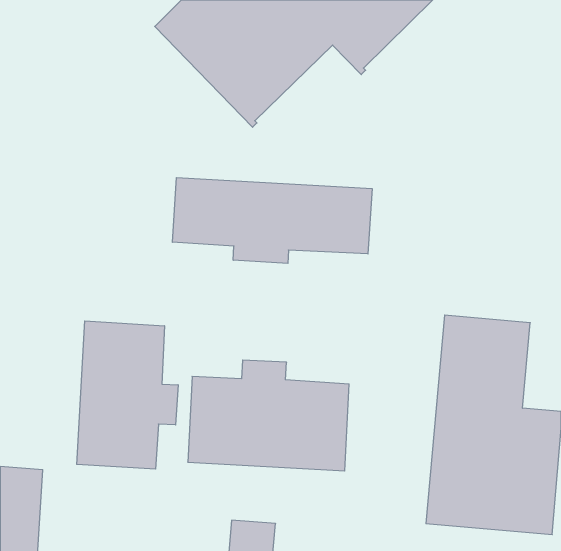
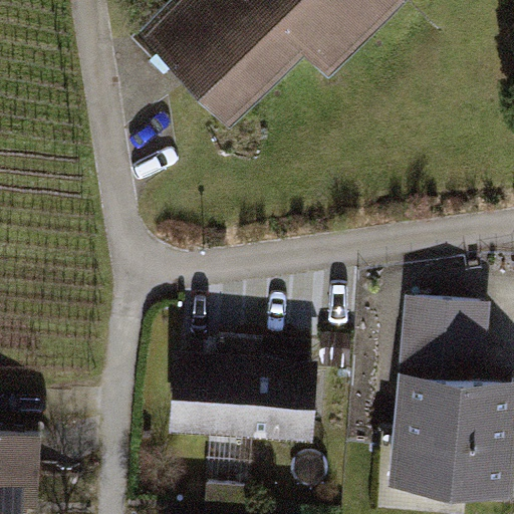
building: [172,178,372,263] -> none
building: [77,321,178,469] -> none

